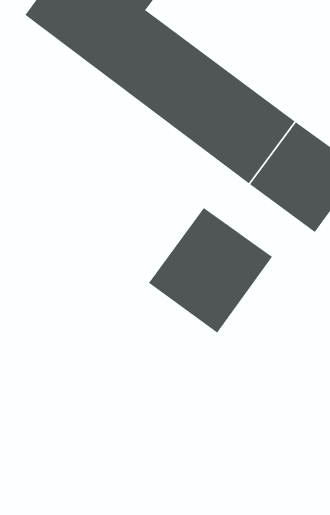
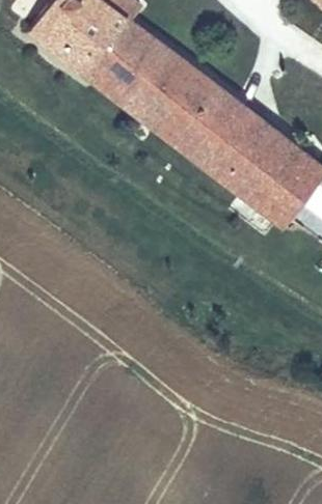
building: [148,207,273,334] -> none

